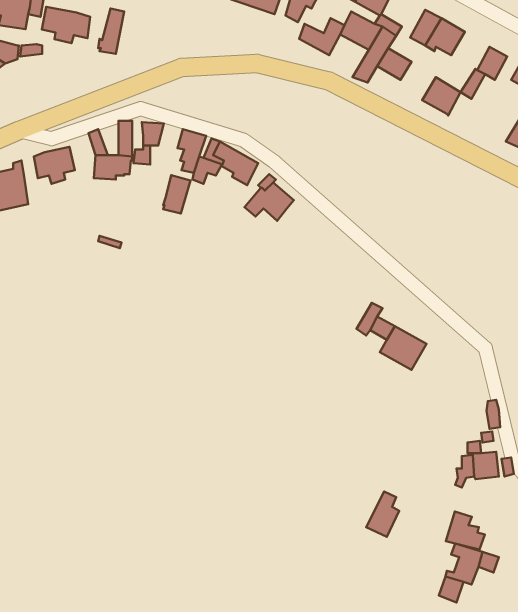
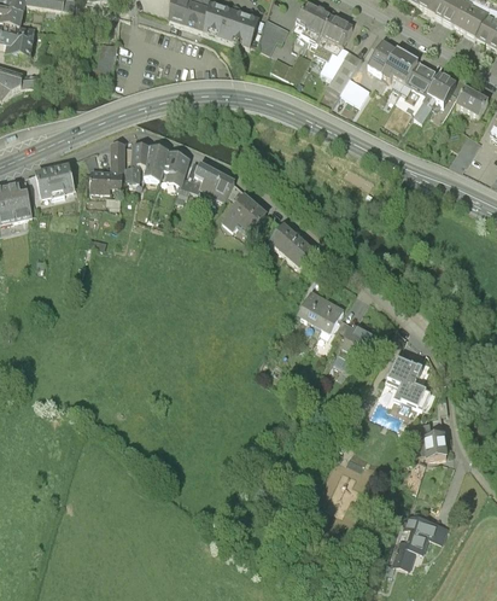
building: [42,7,90,43] -> none
building: [422,77,461,115] -> [404,62,438,95]
building: [163,175,190,213] -> [144,142,168,176]
building: none -> [269,221,314,263]
building: none -> [297,287,334,323]
building: none -> [380,357,427,409]
building: [446,512,485,550] -> none

